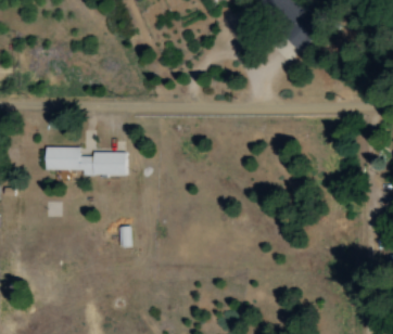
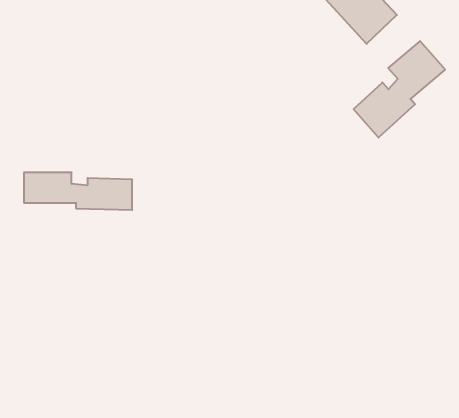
building: none -> [354,41,445,138]

